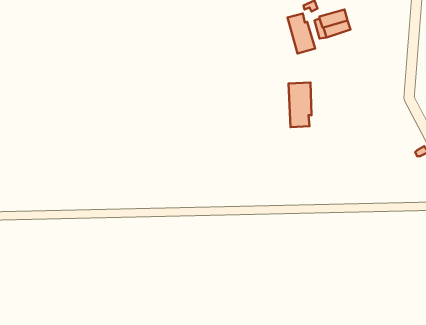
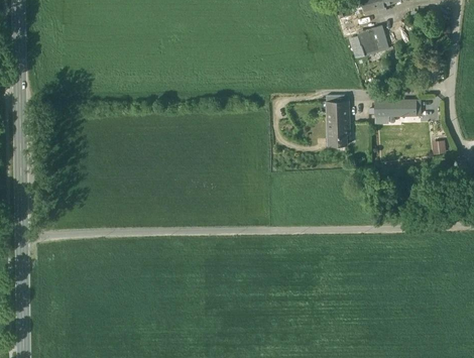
building: [288,13,315,54] -> none
building: none -> [376,99,414,115]

